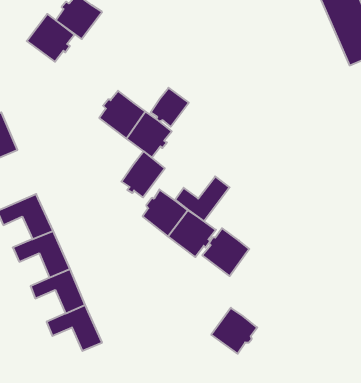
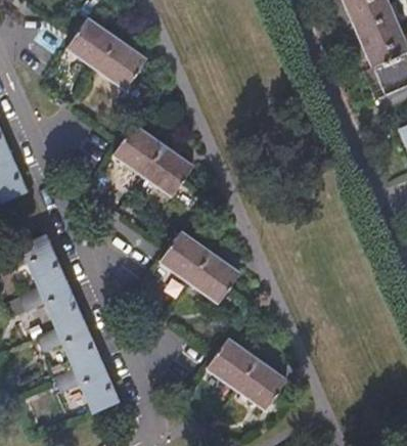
building: [27,14,75,62] -> [94,38,146,90]
building: [151,88,189,127] -> none
building: [121,151,165,197] -> none
building: [175,176,230,221] -> none
building: [202,228,249,276] -> [206,338,257,390]

